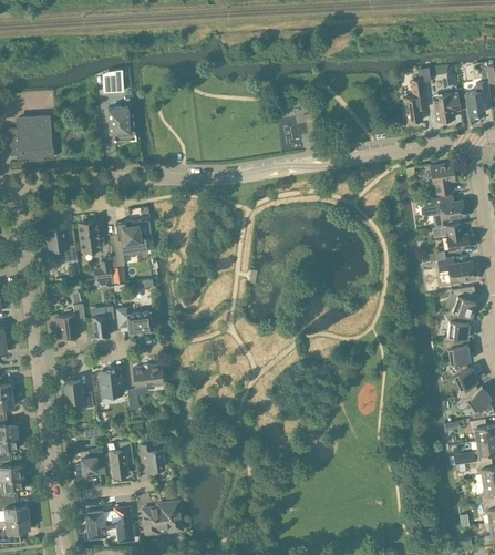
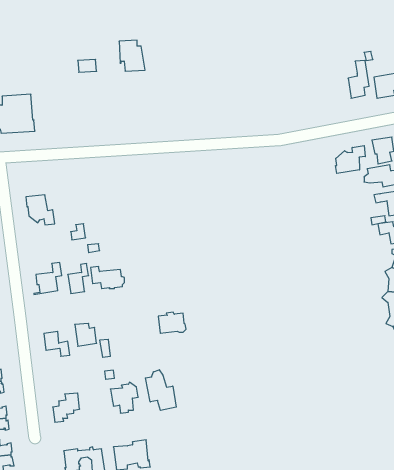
building: [107,106,136,141] -> [119,40,145,71]
building: none -> [336,146,365,173]
building: [110,220,151,266] -> none
building: [79,222,100,251] -> none
building: [133,363,164,387] -> [158,312,186,333]
building: none -> [145,370,176,410]
building: [109,441,133,475] -> none

